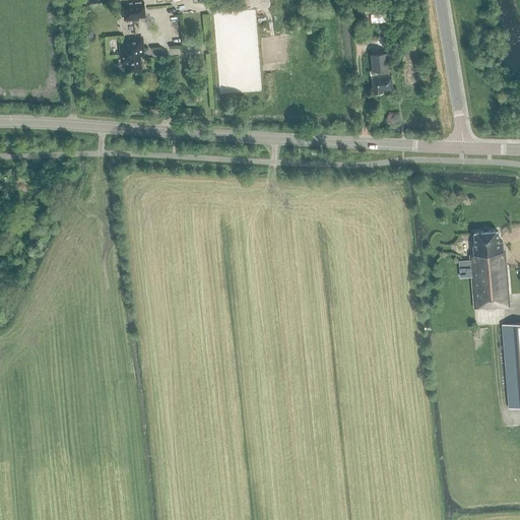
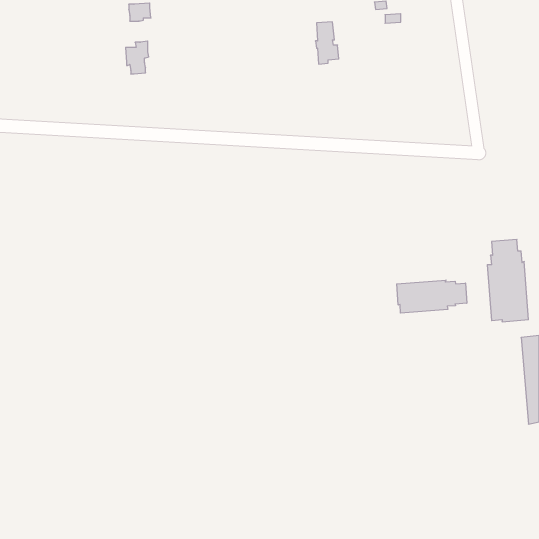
building: [370,53,392,93] -> [315,22,339,64]
building: none -> [397,280,467,313]

